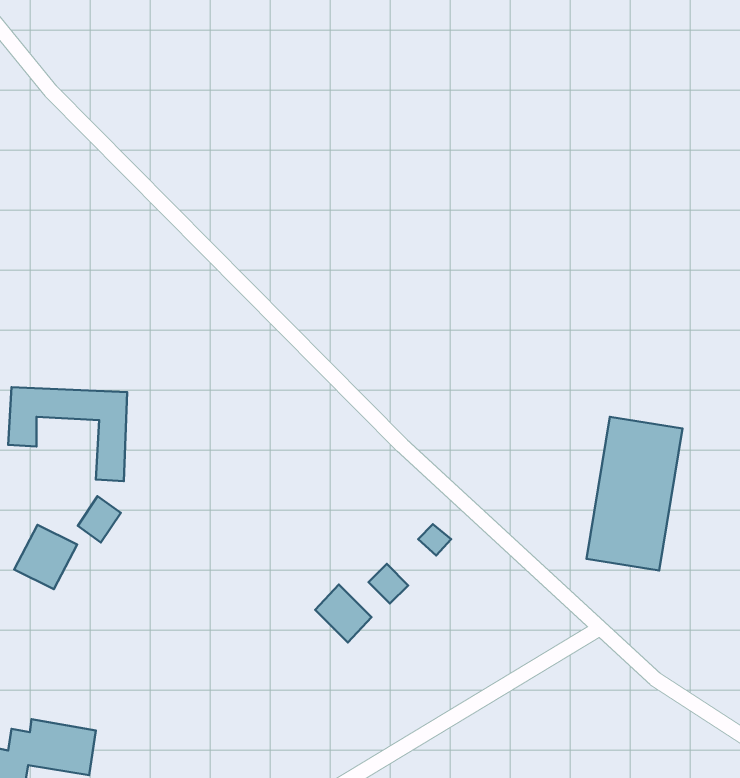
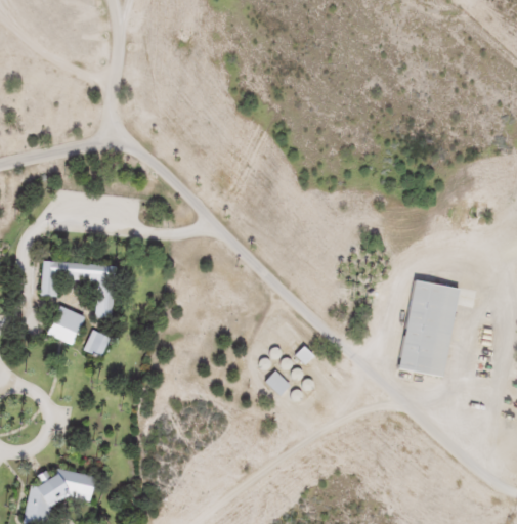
building: [14,525,77,589] -> [46,305,85,345]
building: [315,585,372,642] -> none

